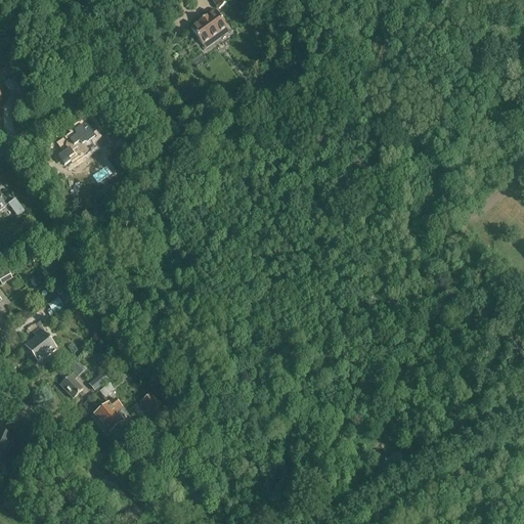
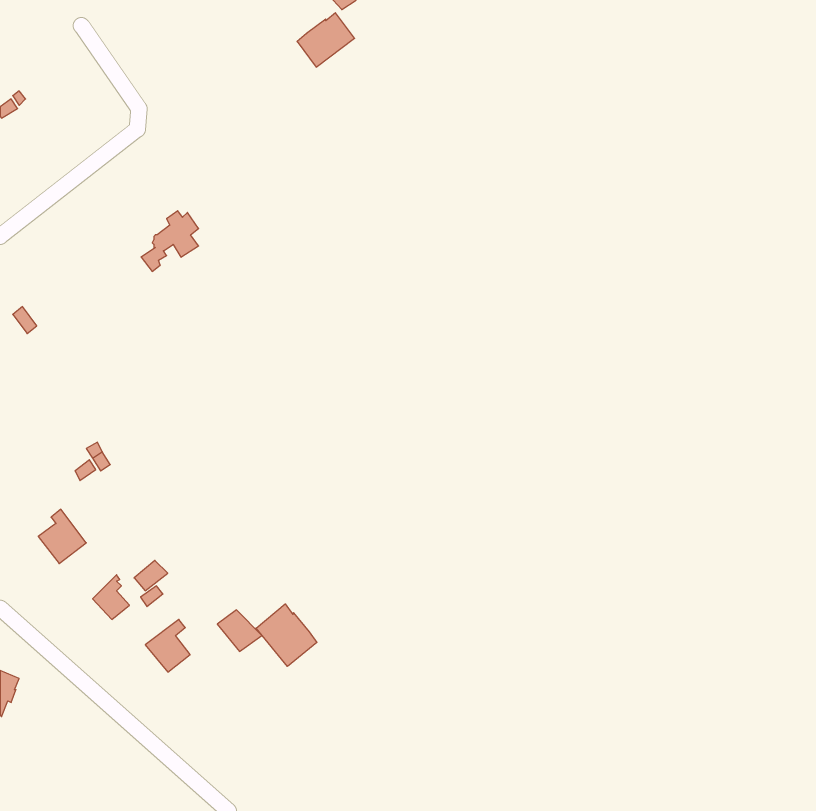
building: [57,124,94,163] -> [141,211,199,271]
building: none -> [256,604,317,666]

